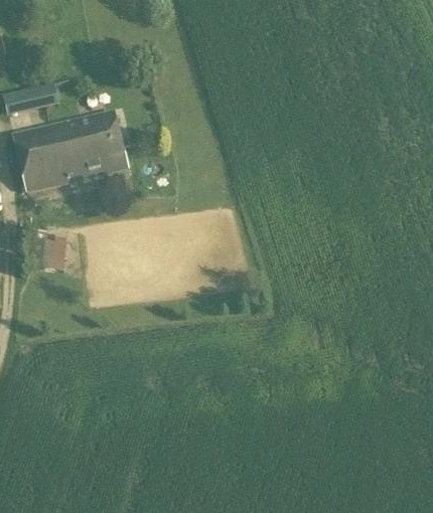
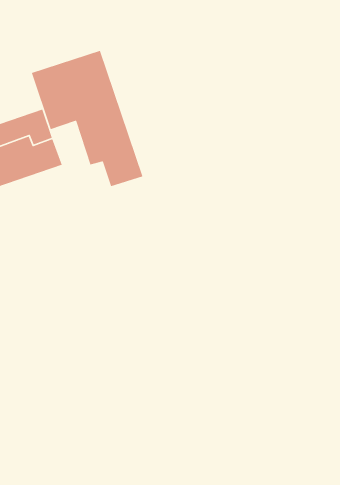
building: none -> [31,50,144,187]

